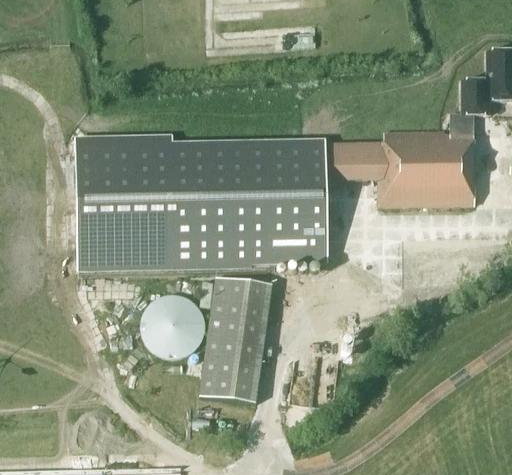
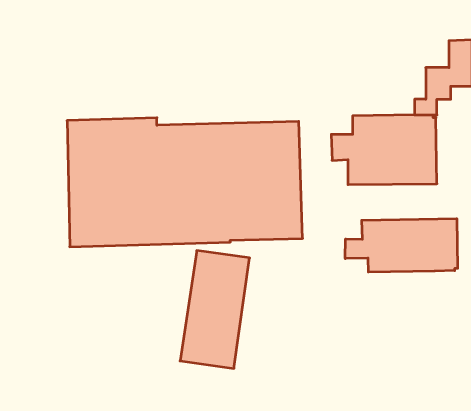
building: none -> [345,219,458,272]
building: [140,293,205,358] -> none

